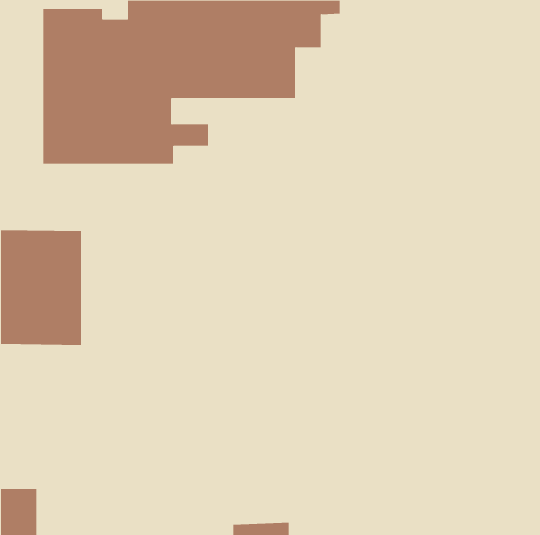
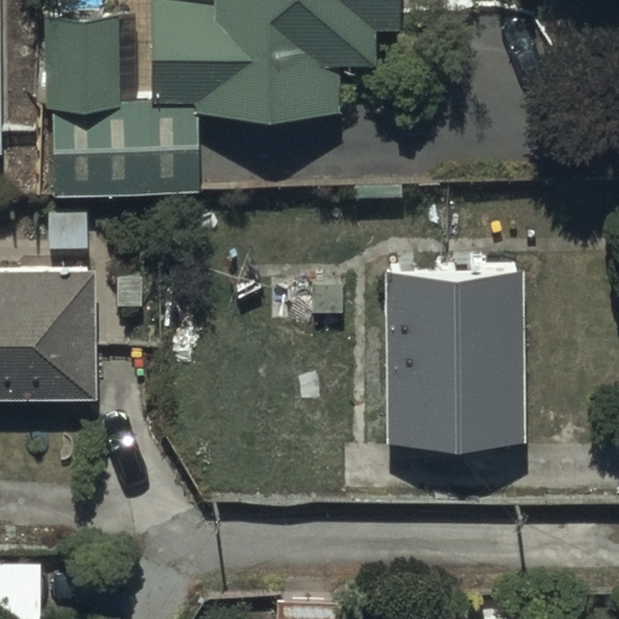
building: none -> [378,265,517,447]

